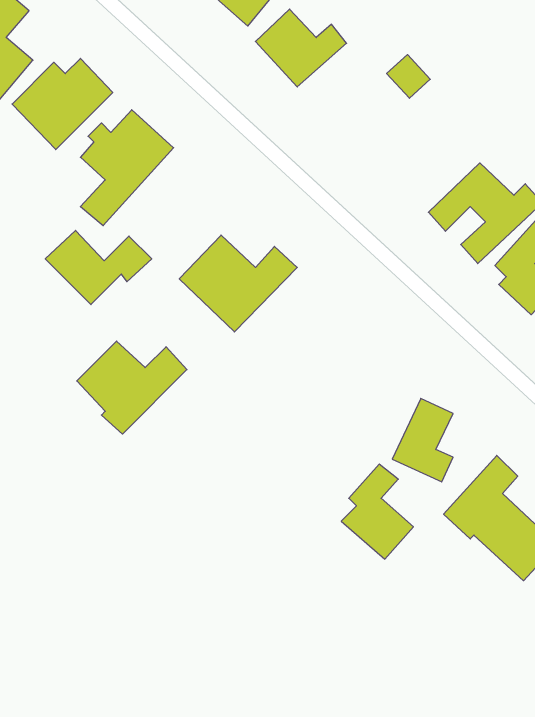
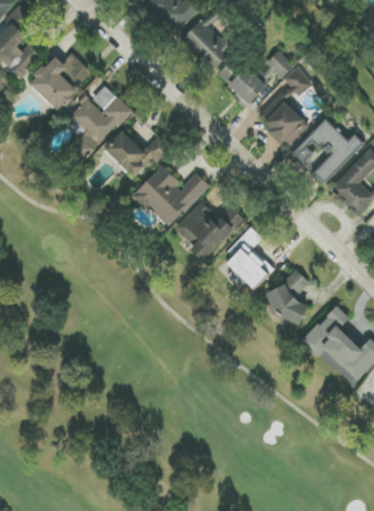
building: none -> [218,59,265,106]
building: none -> [258,67,311,149]
building: [45,230,152,305] -> [104,130,171,177]
building: [77,341,187,434] -> [174,202,244,262]
building: [341,464,413,559] -> [226,228,271,288]

